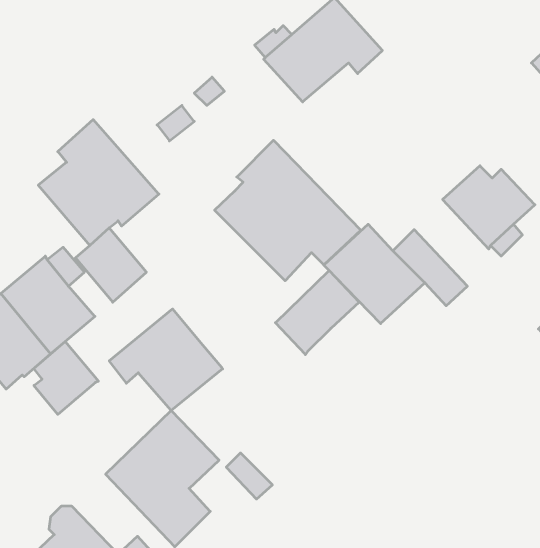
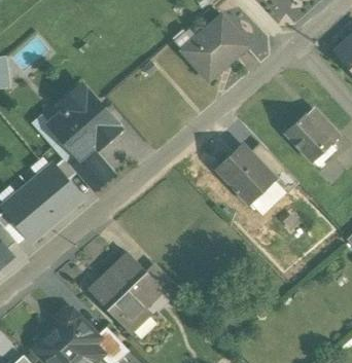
building: [215,140,361,281] -> none
building: [275,271,359,355] -> none
building: [109,309,223,410] -> none
building: [34,342,98,414] -> none

